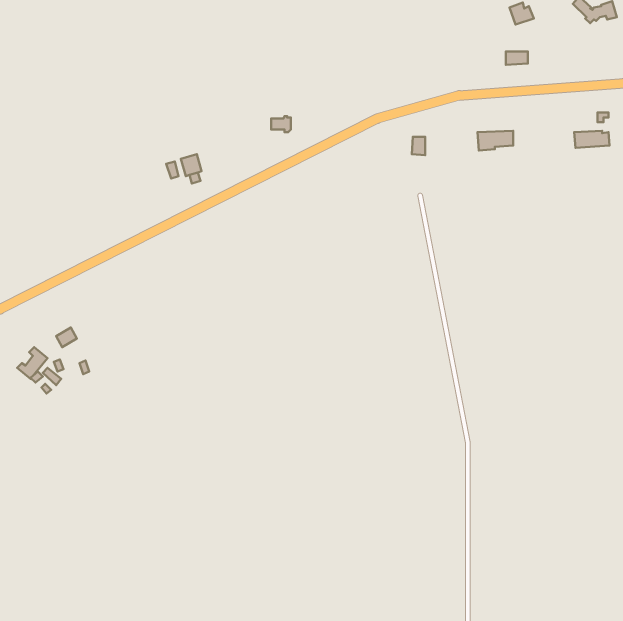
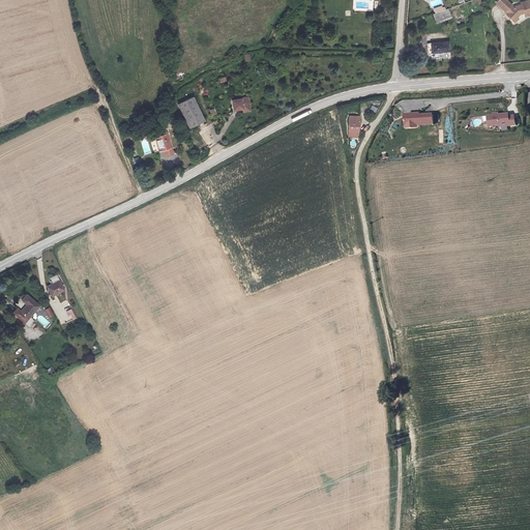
building: none -> [177,97,204,127]

